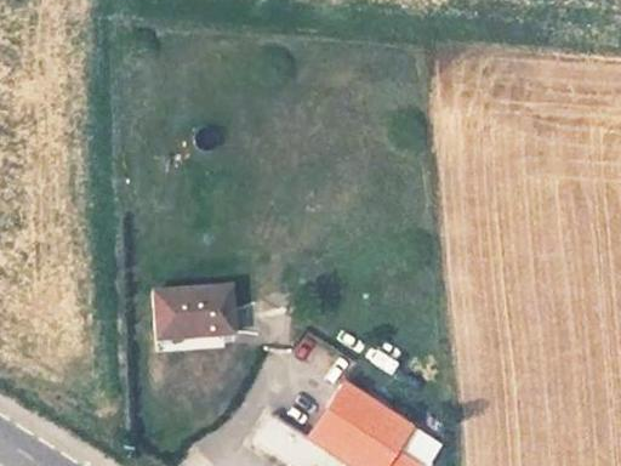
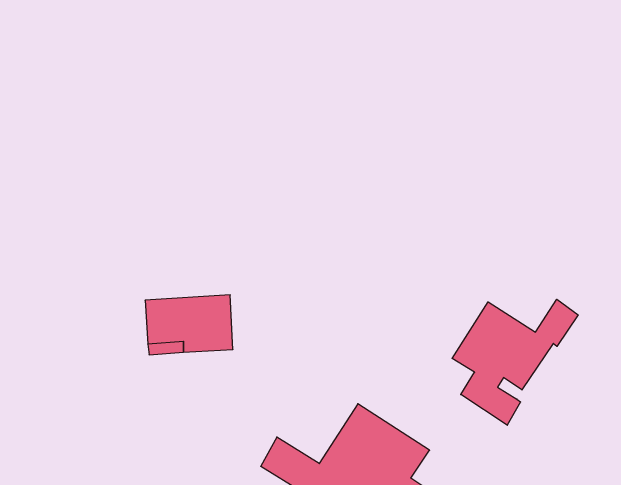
building: none -> [452,299,578,425]

